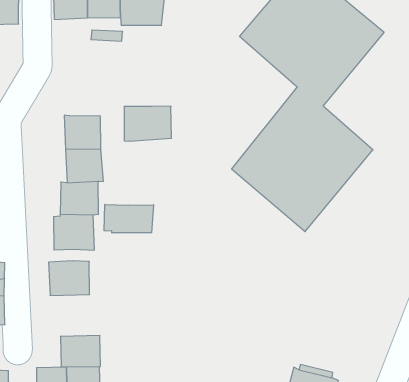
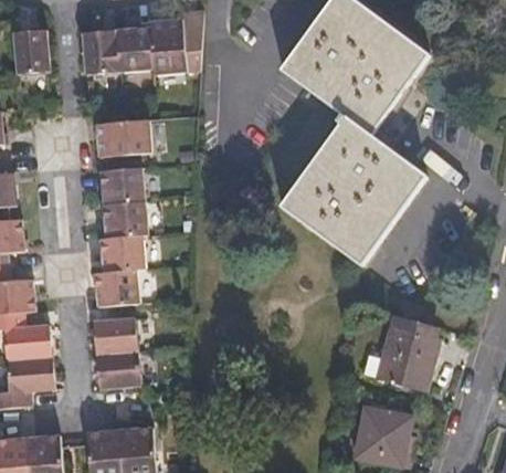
building: [124,106,171,141] -> [96,115,148,155]
building: [104,204,154,233] -> none
building: none -> [378,322,442,395]
building: [60,336,100,367] -> [103,350,147,386]

